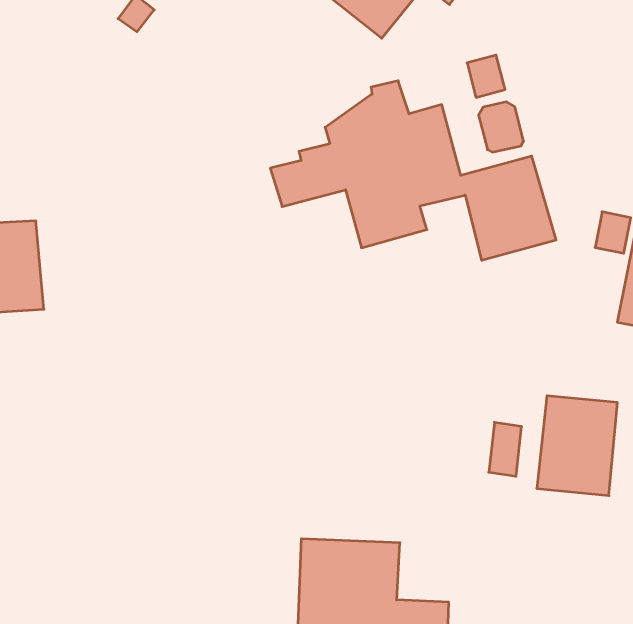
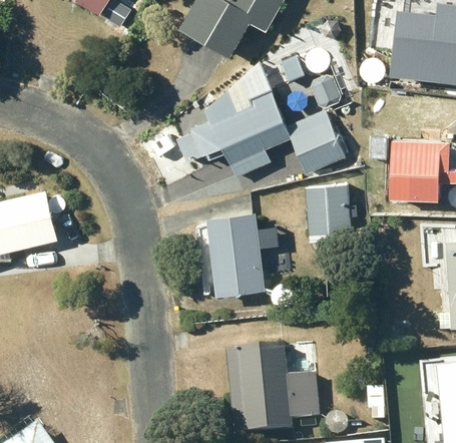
building: none -> [205,212,264,296]
building: [537,396,617,496] -> [306,184,350,241]

